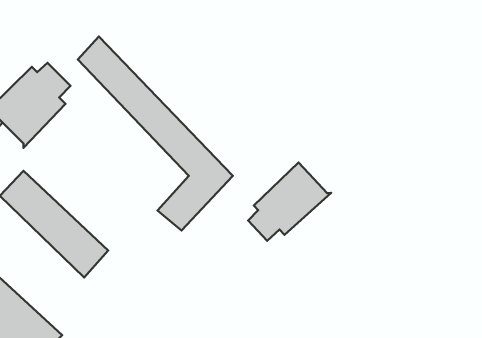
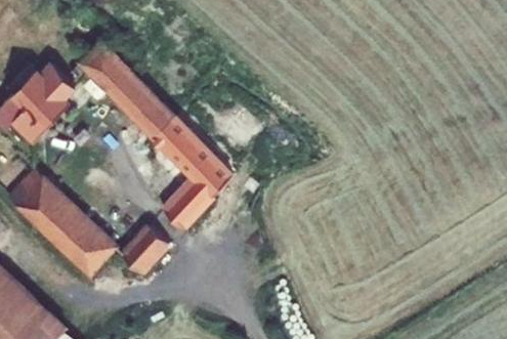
building: [248,162,331,241] -> none
building: none -> [119,226,167,277]

